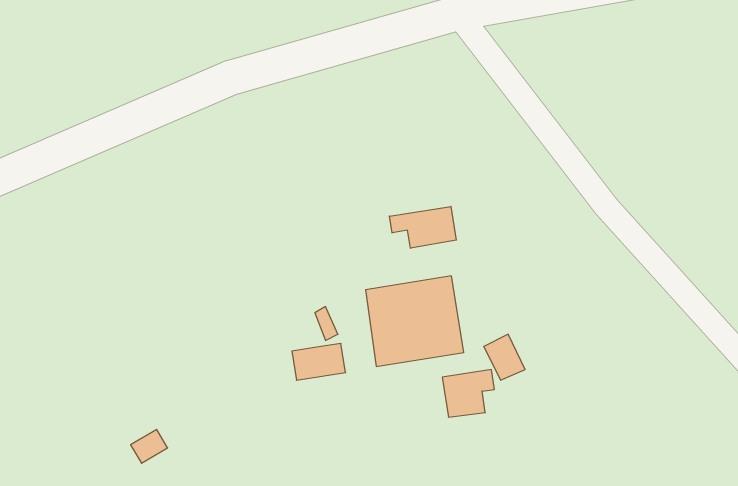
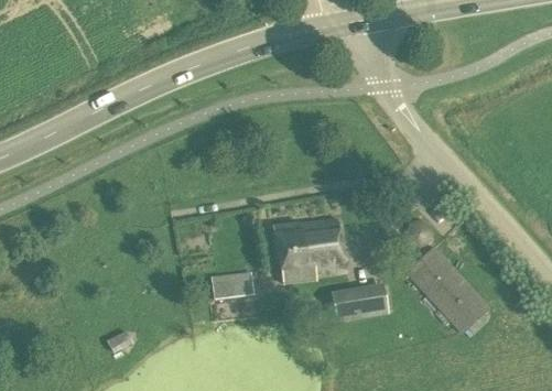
building: [389,206,456,248] -> none
building: none -> [404,246,490,335]

